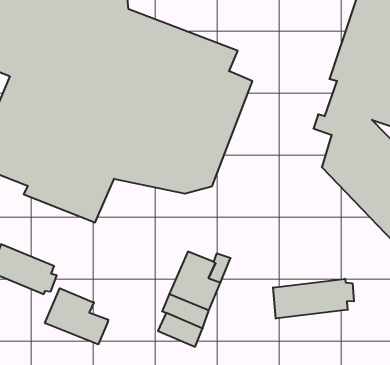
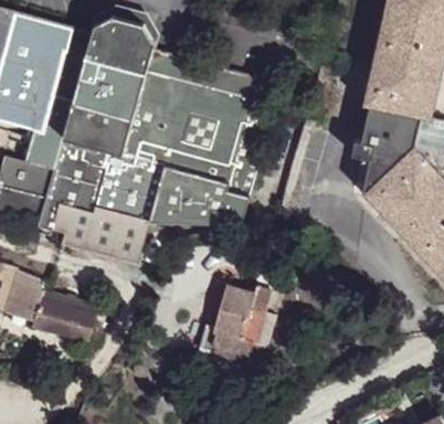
building: [273,279,354,319] -> none
building: [45,288,108,344] -> none

